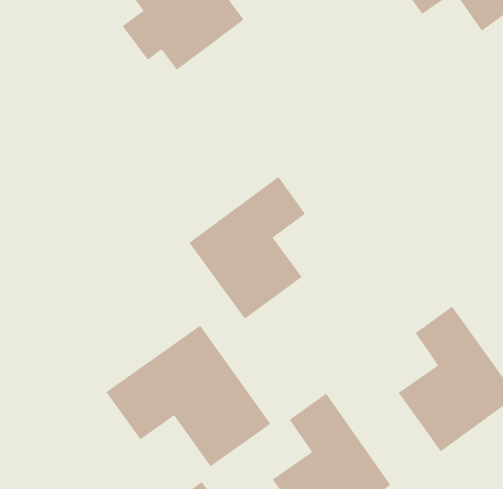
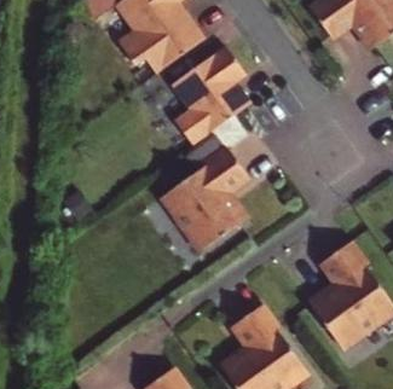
building: none -> [171,46,250,146]
building: [106,325,271,467] -> none

